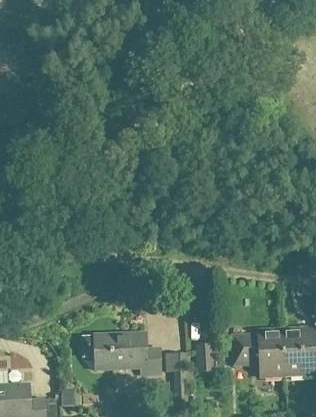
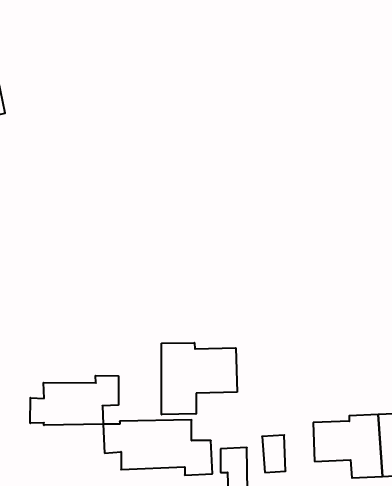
building: none -> [162,343,237,415]
building: none -> [30,376,118,425]

